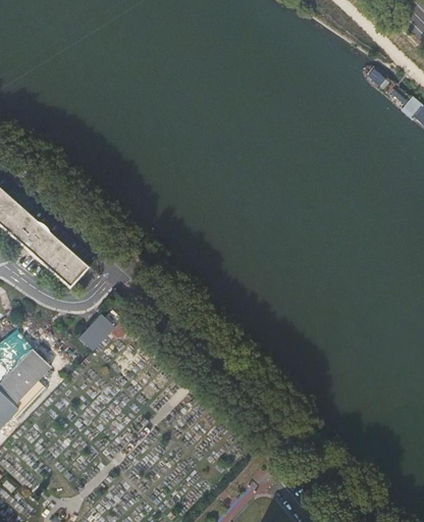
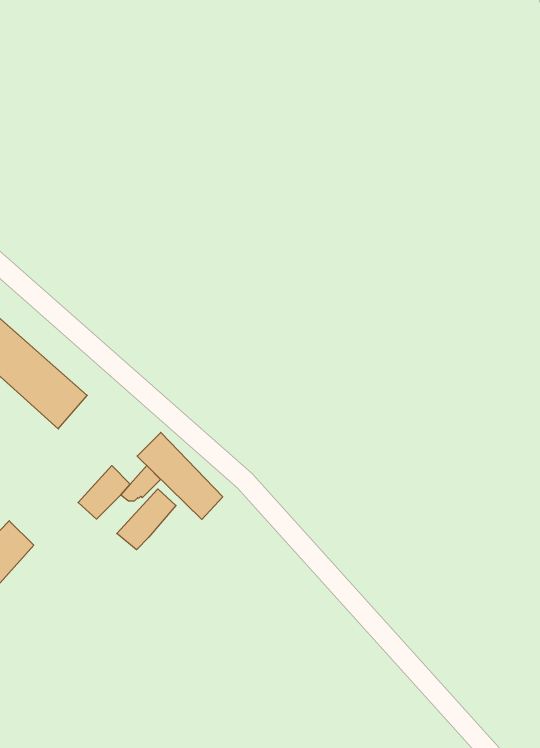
building: none -> [137,432,223,519]
building: none -> [117,489,176,550]

